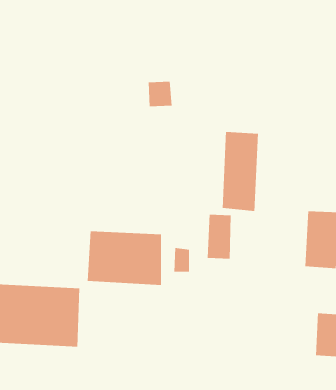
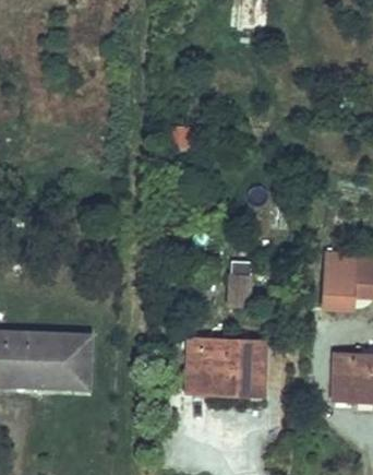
building: [222,131,258,212] -> none
building: [87,231,162,285] -> [186,330,263,385]

